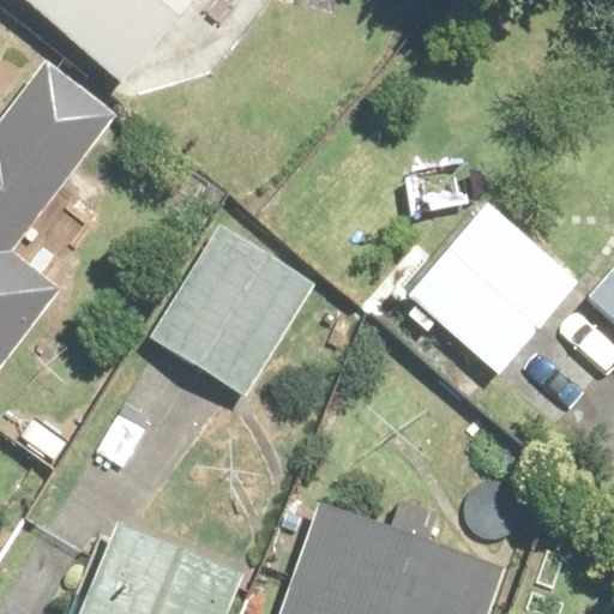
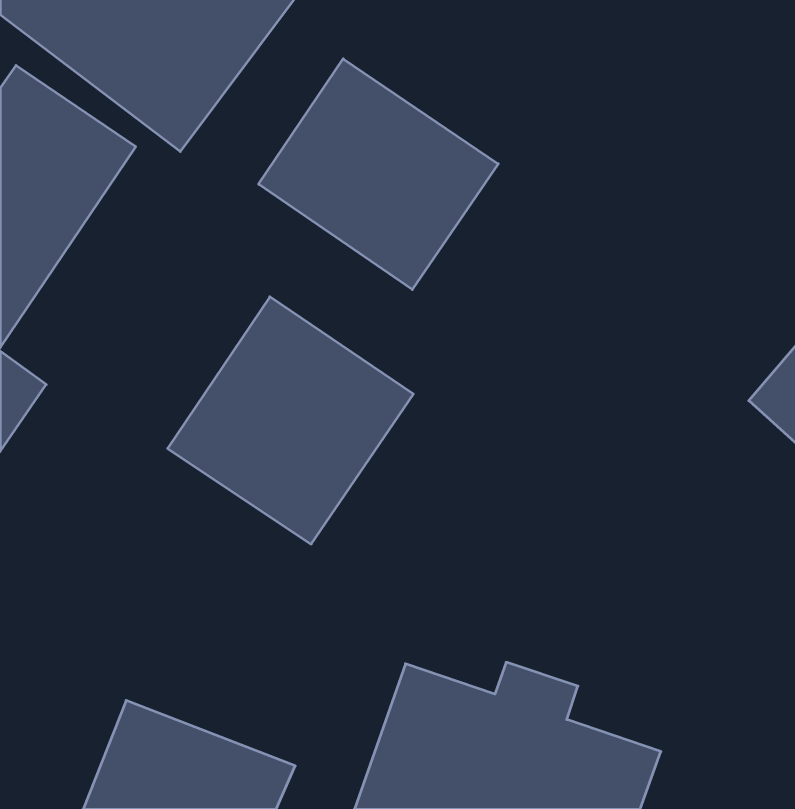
building: none -> [259,59,498,290]
building: [395,195,582,383] -> none

